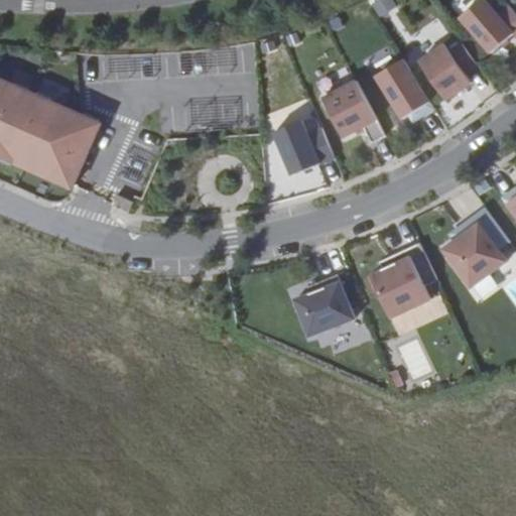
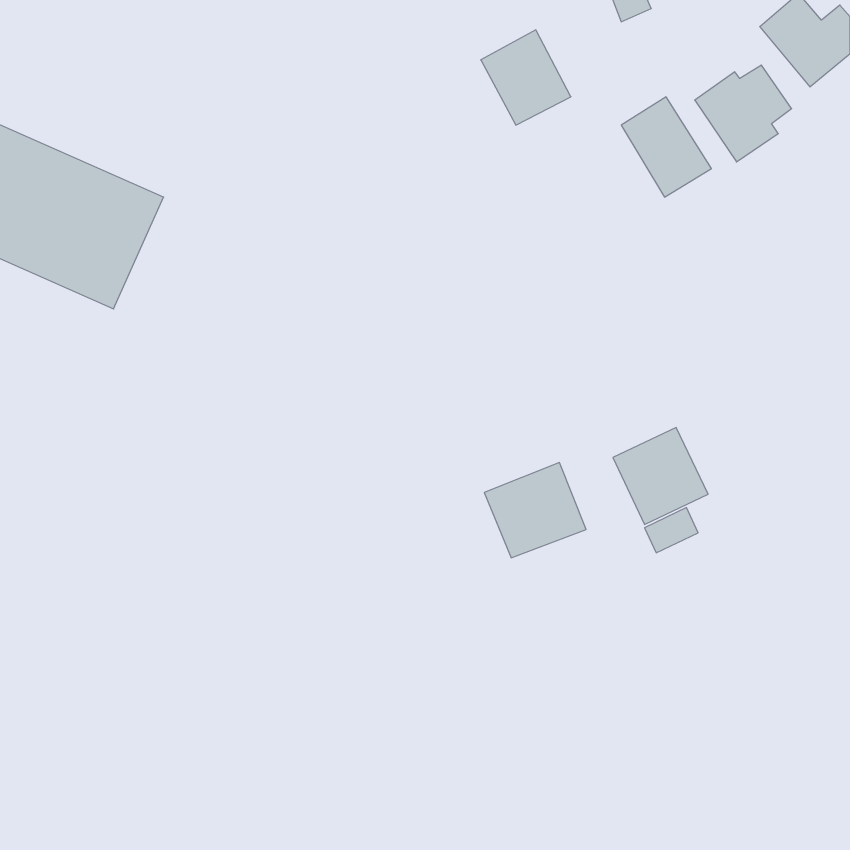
building: [321,80,376,137] -> [481,30,571,125]
building: [273,120,334,175] -> none
building: [441,221,504,285] -> none

